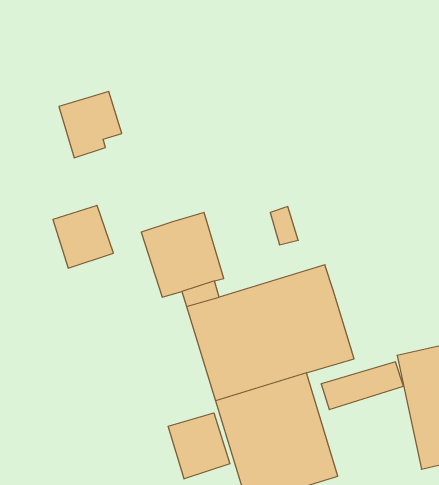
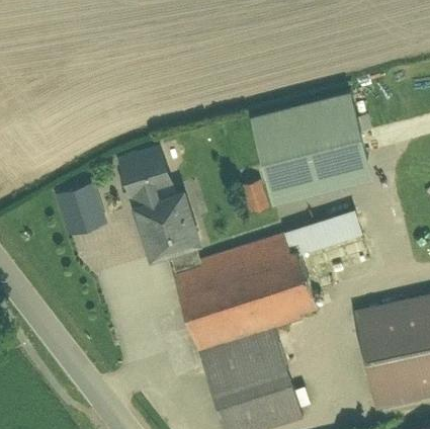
building: [59,92,122,158] -> [118,146,173,203]
building: none -> [251,91,375,204]
building: [321,362,404,410] -> [291,212,363,254]
building: [168,413,230,479] -> none

